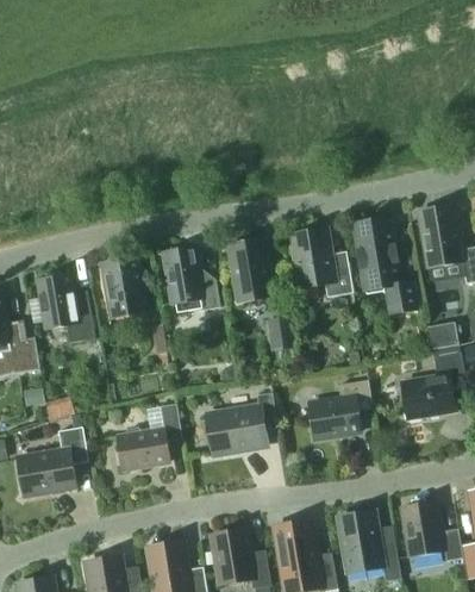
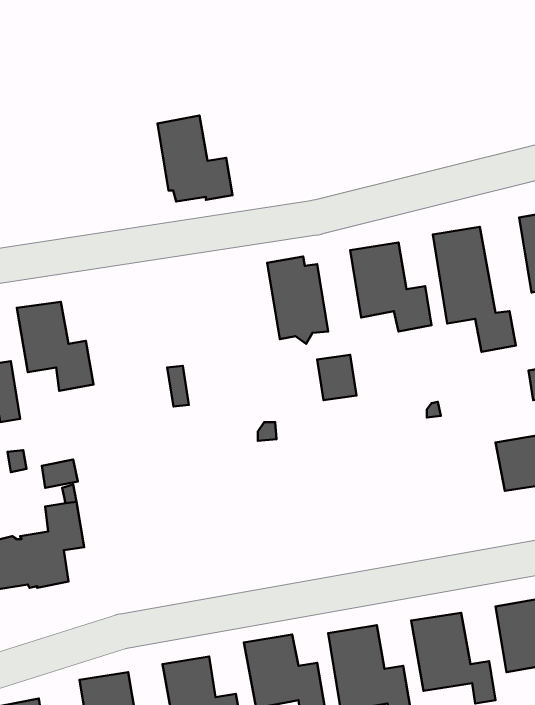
building: [162,247,219,312] -> [157,116,232,202]
building: [101,258,146,314] -> none
building: [205,380,276,454] -> none
building: [307,381,371,438] -> none
building: [115,404,181,469] -> none

